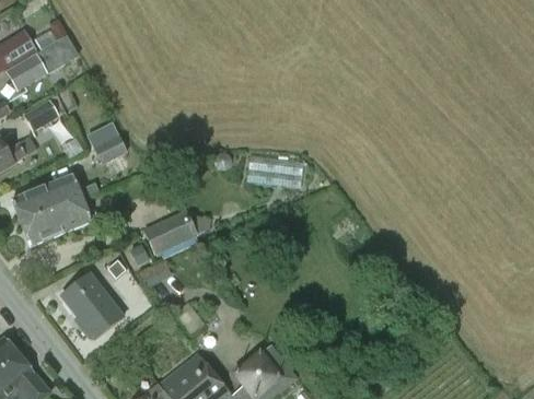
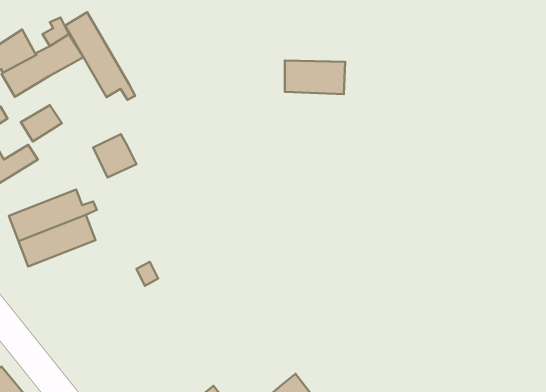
building: none -> [65,12,135,100]
building: [247,154,302,185] -> [285,61,345,94]
building: [143,209,211,255] -> none
building: [61,272,124,338] -> none

